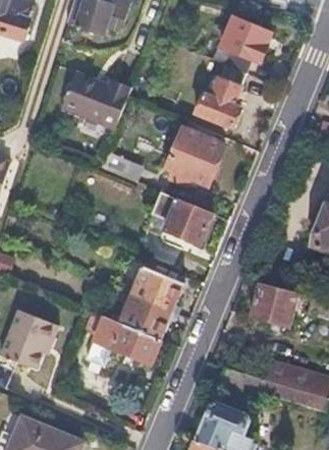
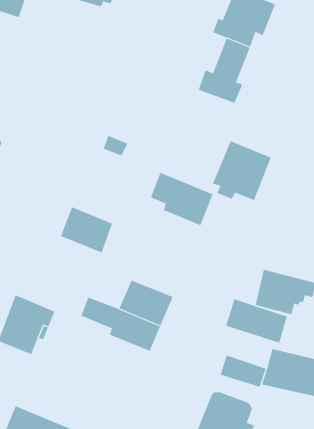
building: [60,70,129,129] -> none
building: [167,127,224,185] -> [212,140,271,201]
building: [132,267,183,312] -> [60,207,113,253]
building: none -> [226,298,287,343]

